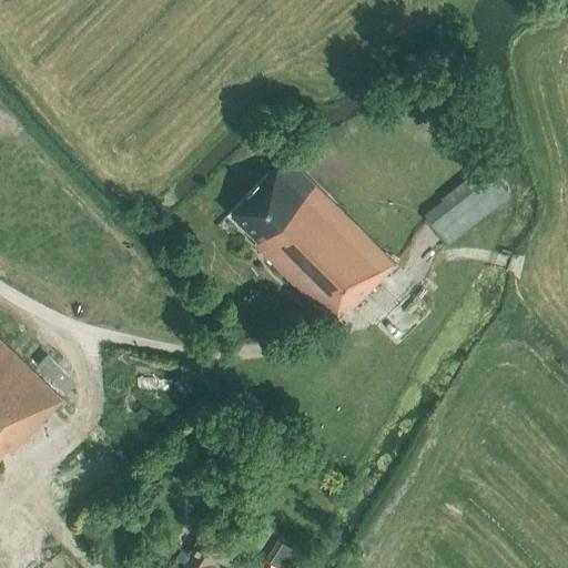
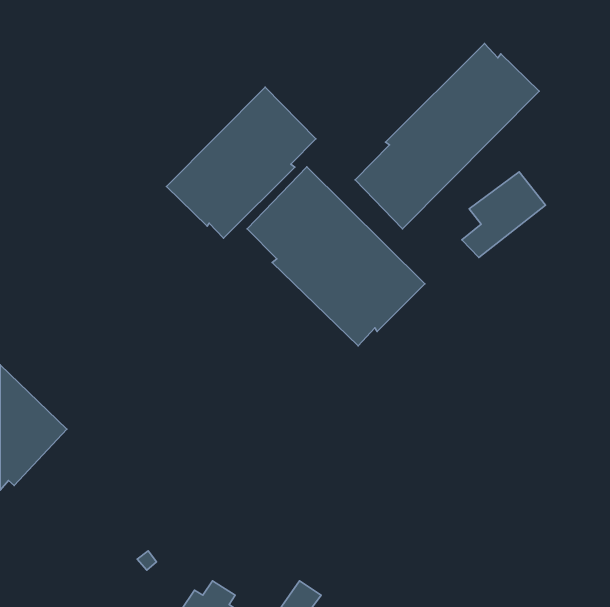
building: none -> [355,44,539,229]
building: none -> [167,87,316,238]

